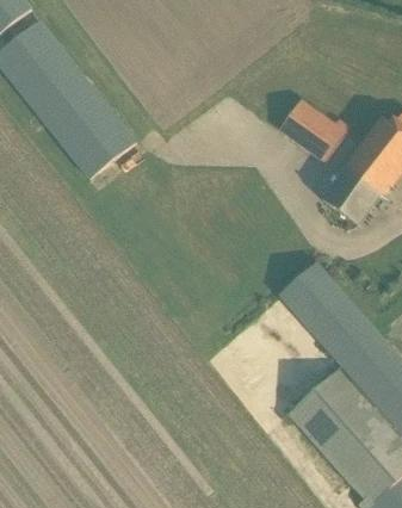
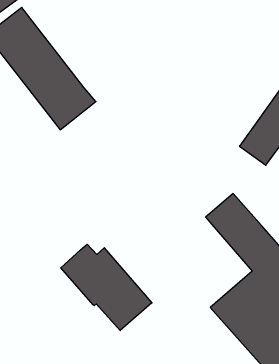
building: [279,99,351,161] -> none
building: none -> [61,244,152,331]

